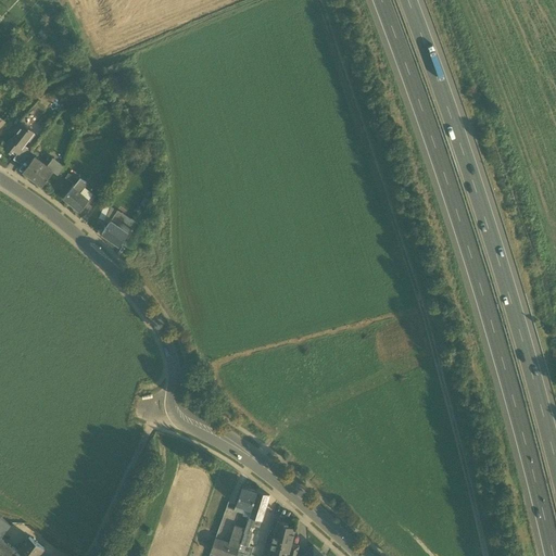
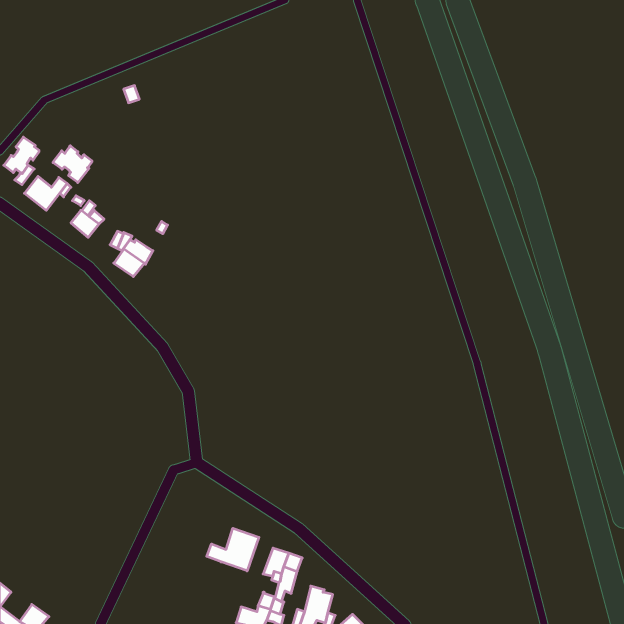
building: none -> [53,146,92,183]
building: none -> [207,528,259,571]

